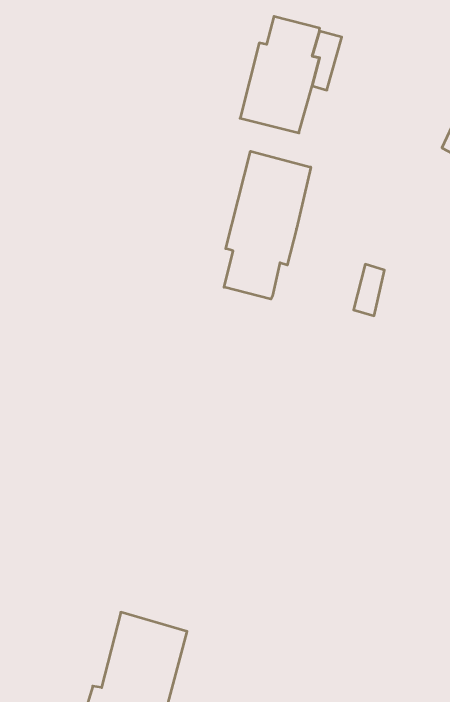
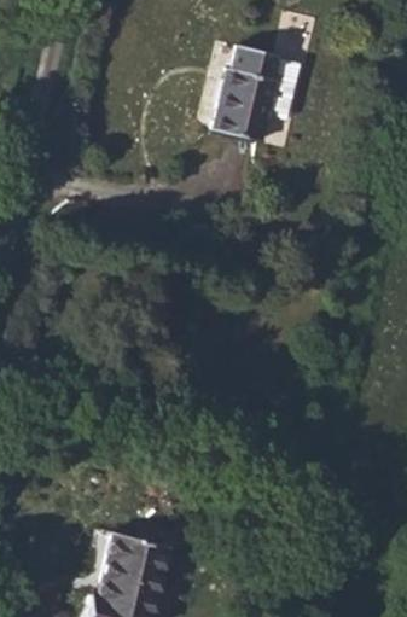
building: [224,151,311,299] -> none

